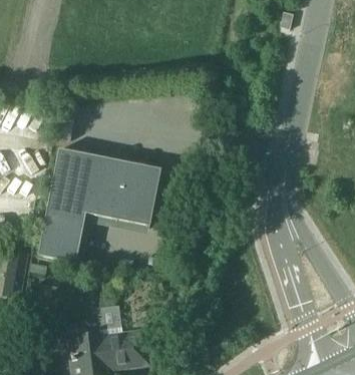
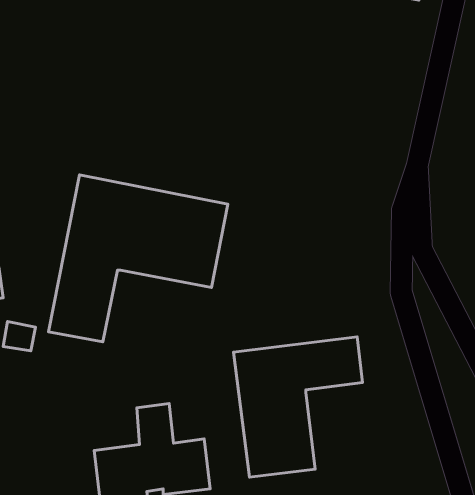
building: none -> [234,337,363,477]

